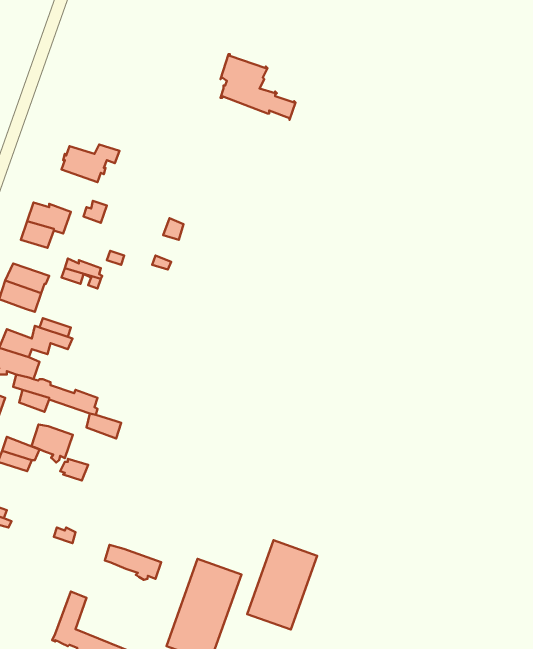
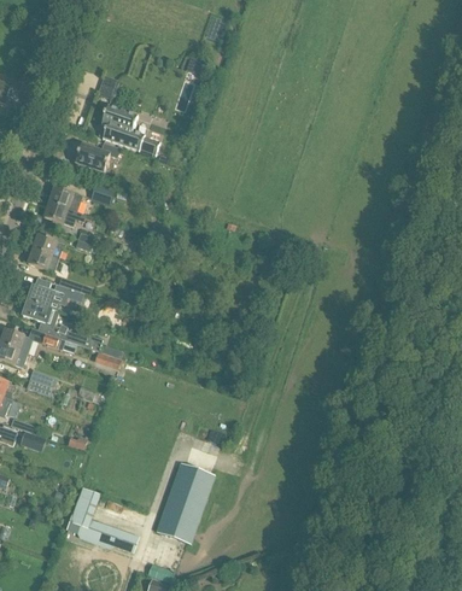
building: [221,54,296,120] -> [103,104,160,154]
building: [32,424,73,463] -> none
building: [247,540,317,630] -> none
building: [105,545,161,580] -> none

